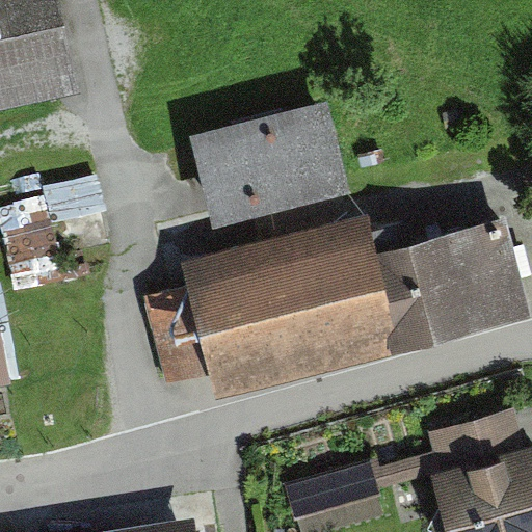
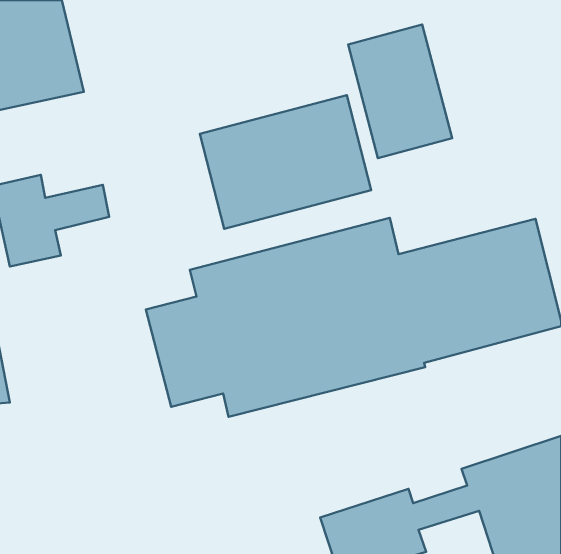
building: none -> [348,24,452,158]

